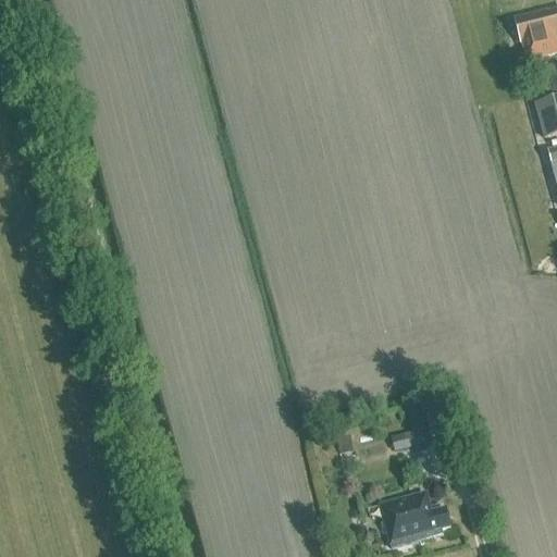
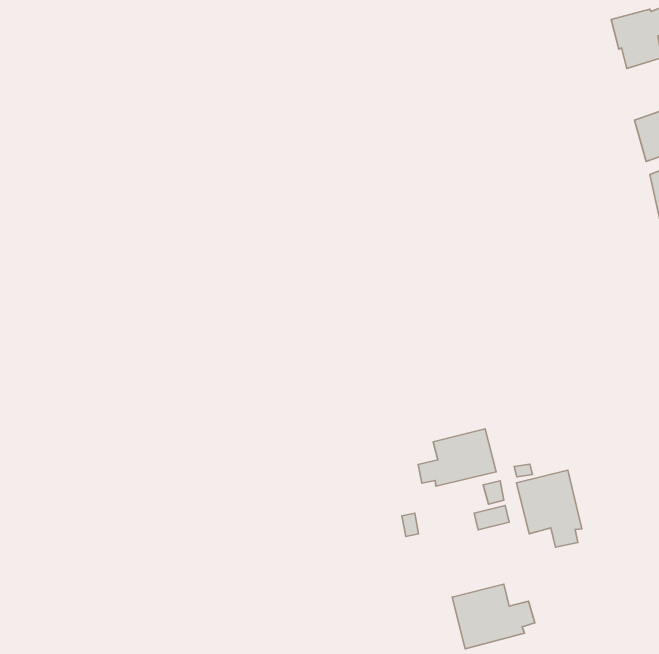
building: none -> [418,429,496,486]
building: none -> [516,470,582,547]

